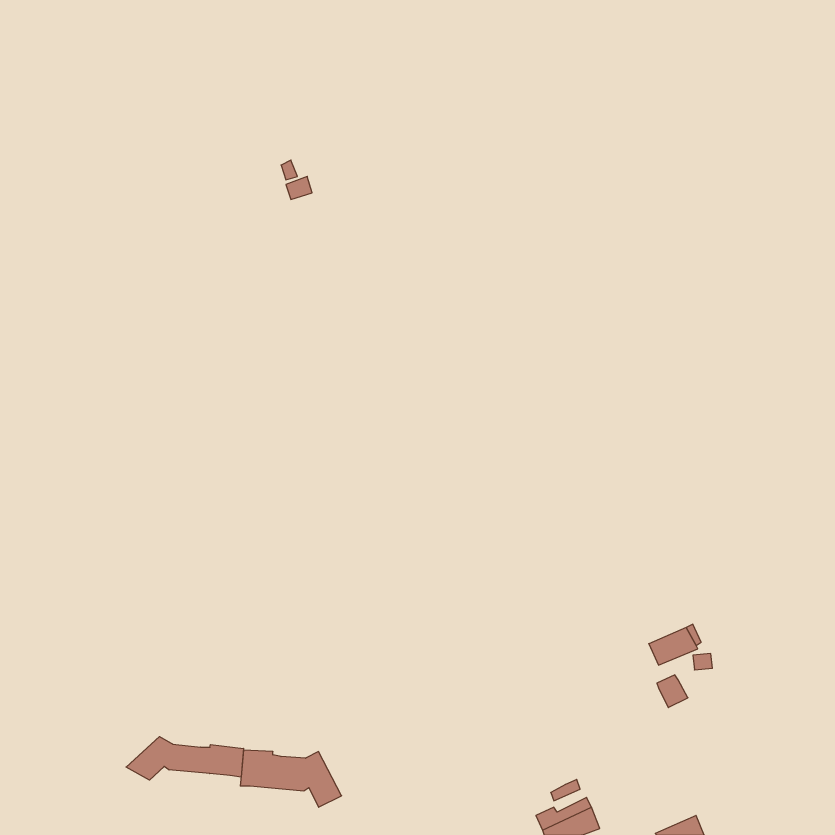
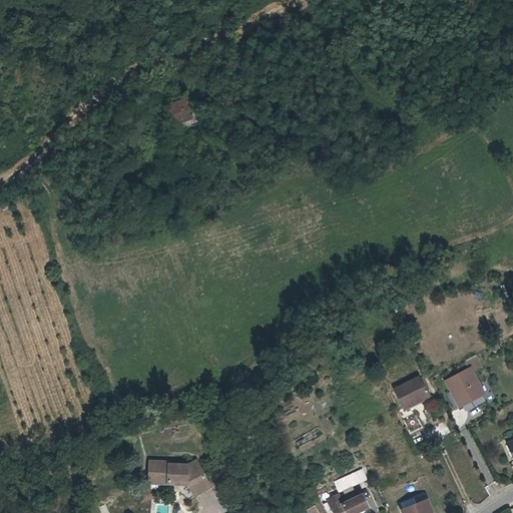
building: none -> [448,370,483,406]
building: [126,737,244,780] -> none

